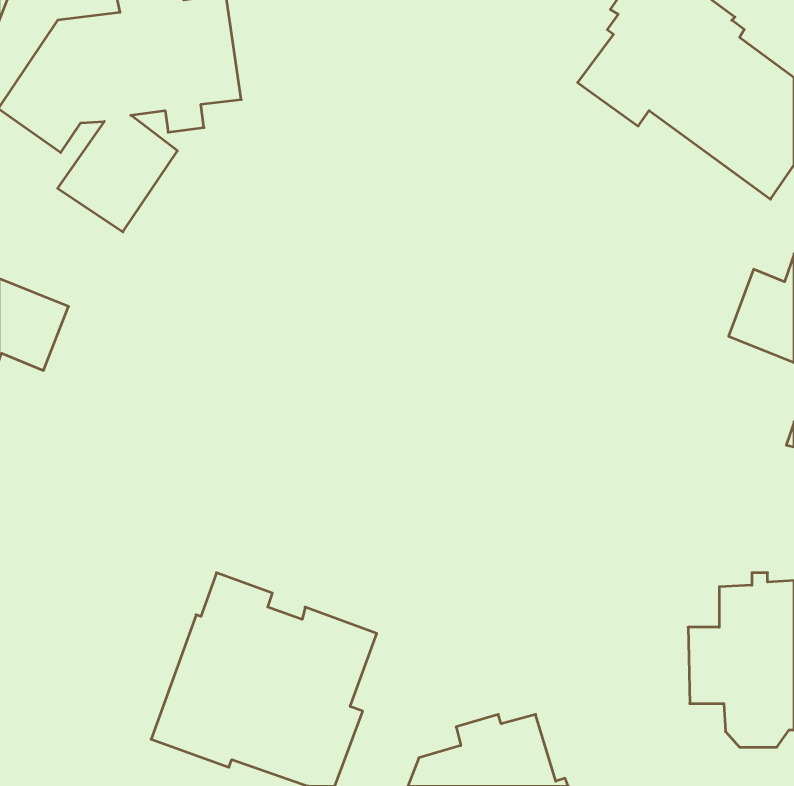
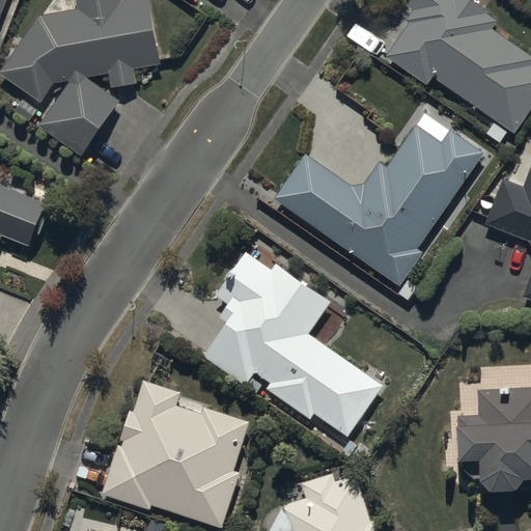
building: none -> [274,111,483,287]
building: none -> [202,252,385,437]

